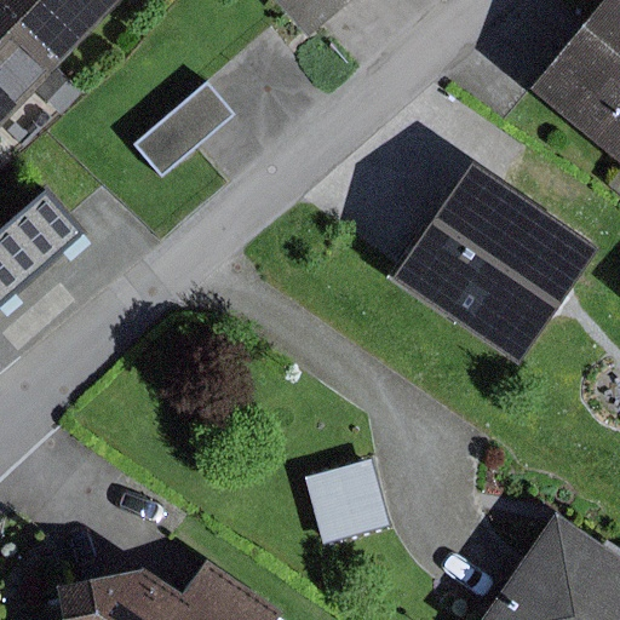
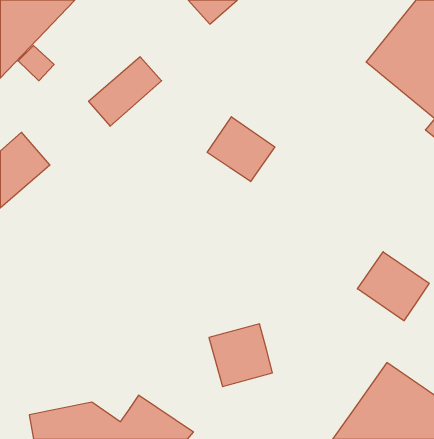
building: none -> [207,117,275,182]
building: [404,170,604,366] -> none
building: none -> [357,252,429,321]

